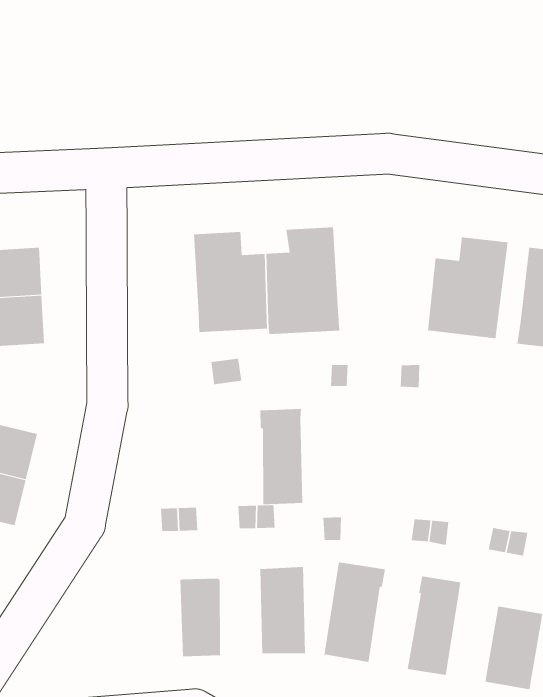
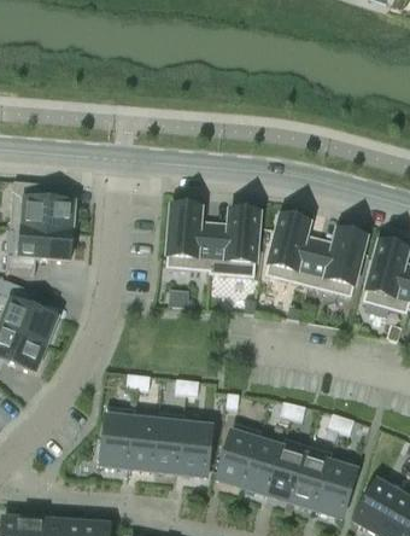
building: none -> [265,215,320,285]
building: [260,408,303,505] -> [153,410,186,472]
building: none -> [98,404,136,467]
building: none -> [292,444,333,508]
building: none -> [245,441,282,494]

